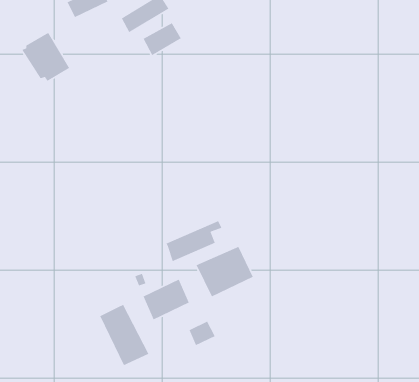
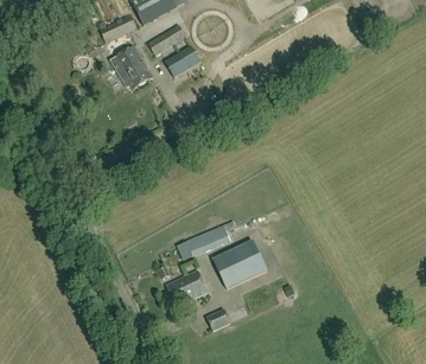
building: [21,32,70,82] -> [110,45,153,89]
building: [99,304,149,366] -> none

